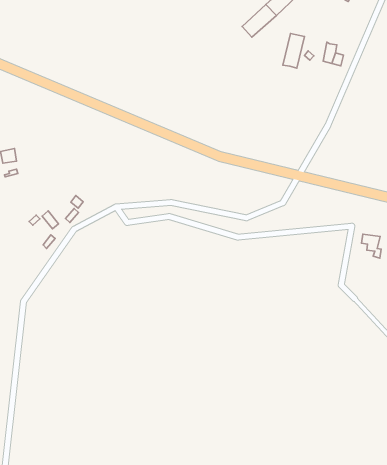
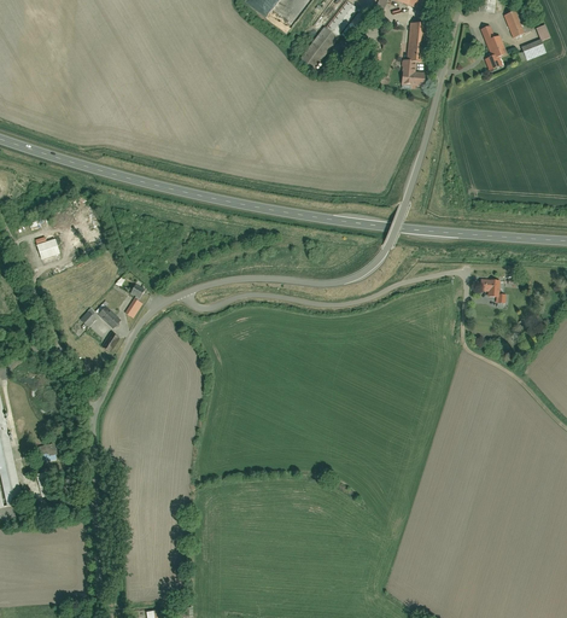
building: [283,33,304,68] -> [405,23,426,63]

